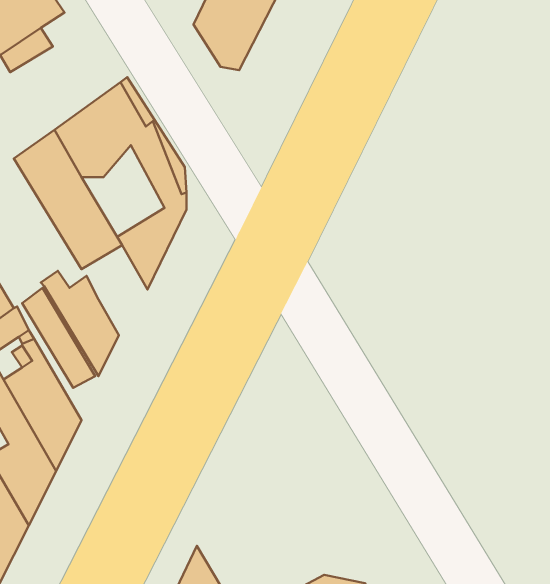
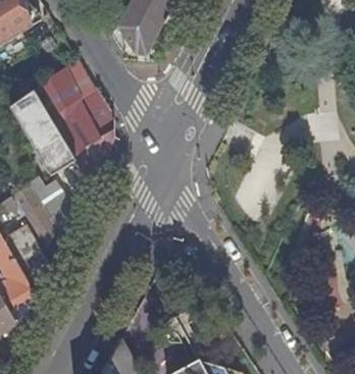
building: none -> [50,99,100,154]

